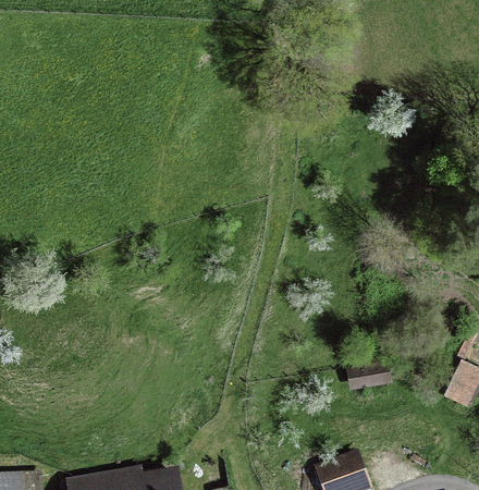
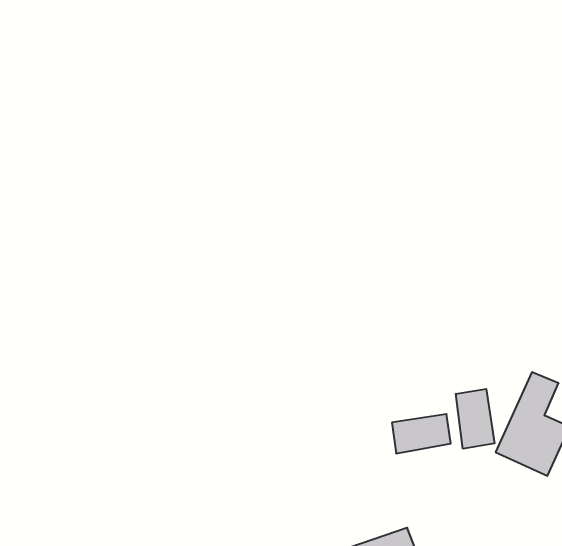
building: none -> [456,389,495,449]

